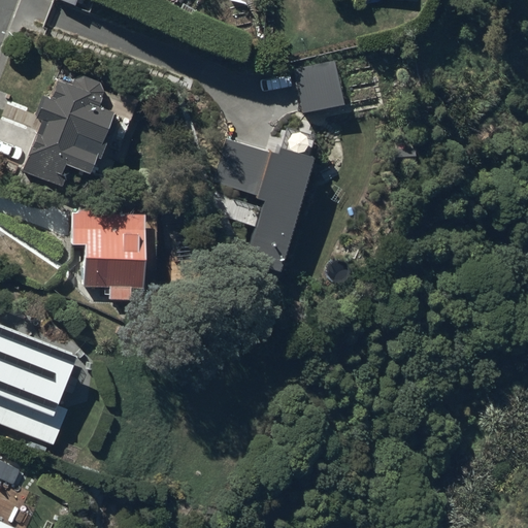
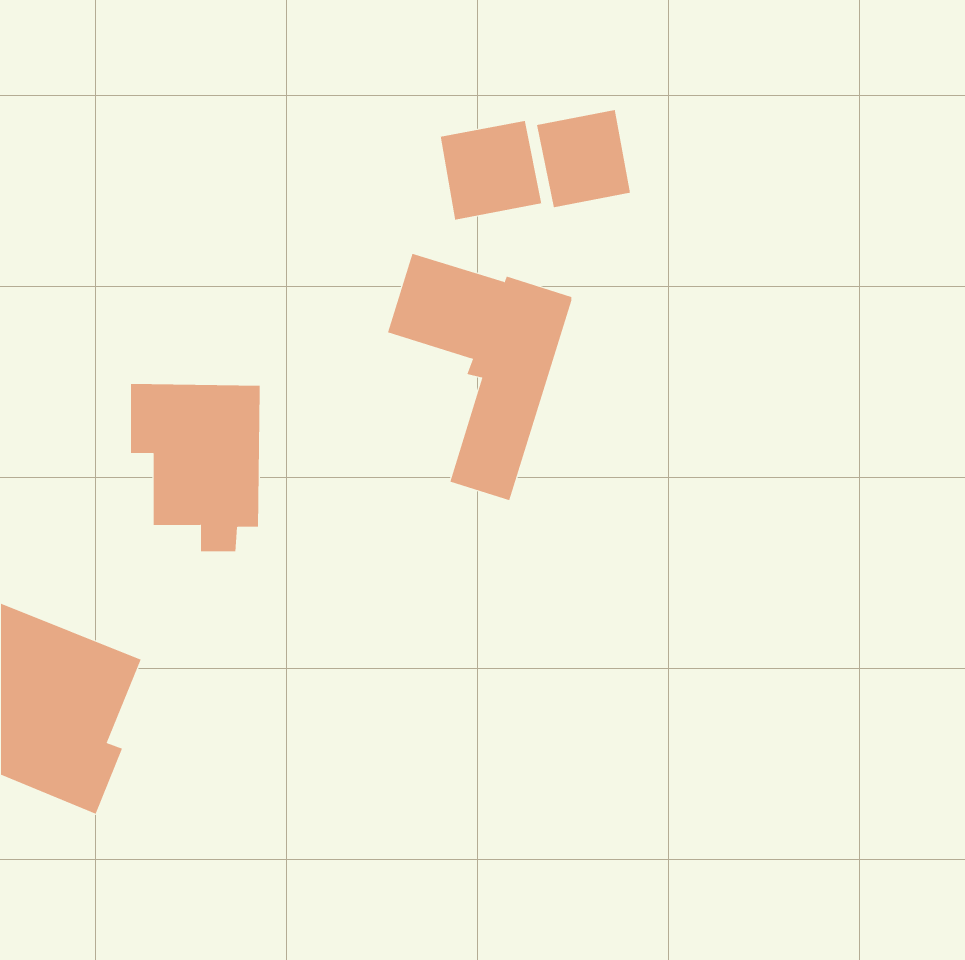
building: none -> [440,120,542,221]
building: [22,77,113,186] -> none

